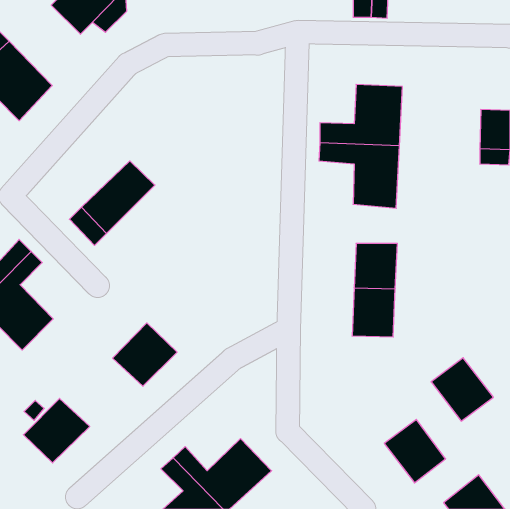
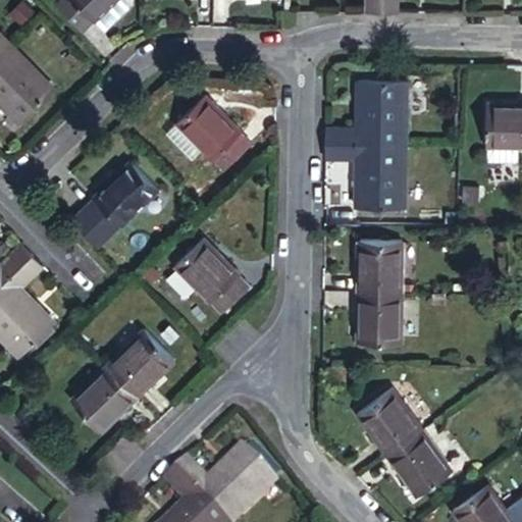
building: none -> [167,101,253,176]
building: none -> [170,240,250,318]
building: [431,358,493,421] -> [359,385,422,450]
building: [23,398,90,463] -> [77,363,145,428]

